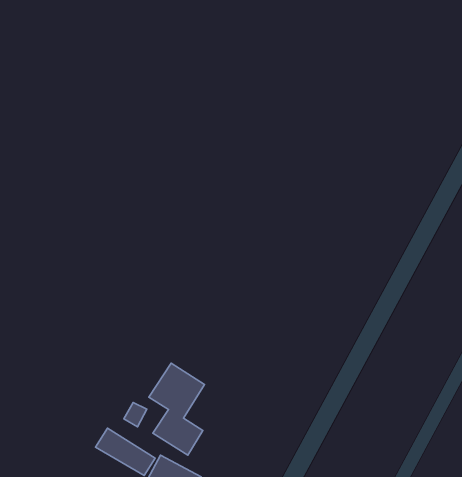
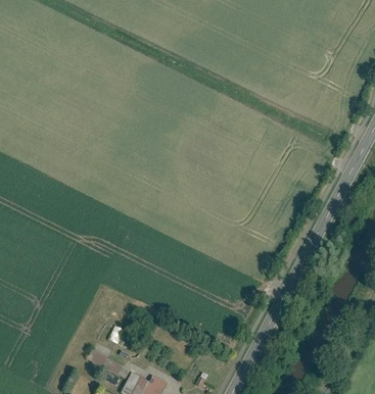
building: [149,363,205,455] -> none

